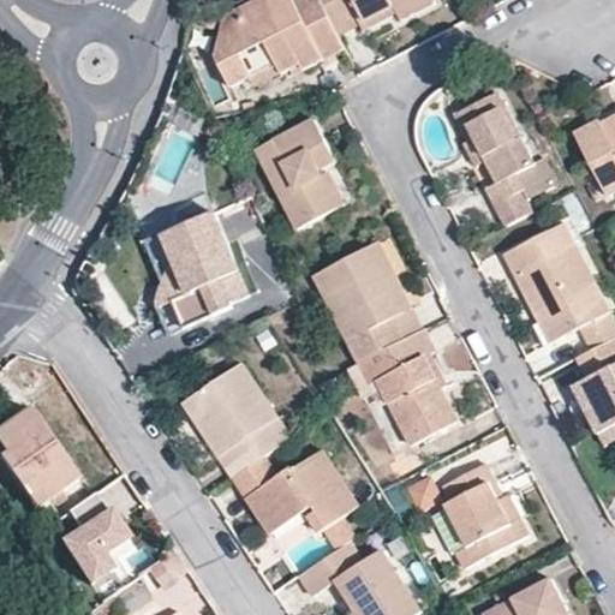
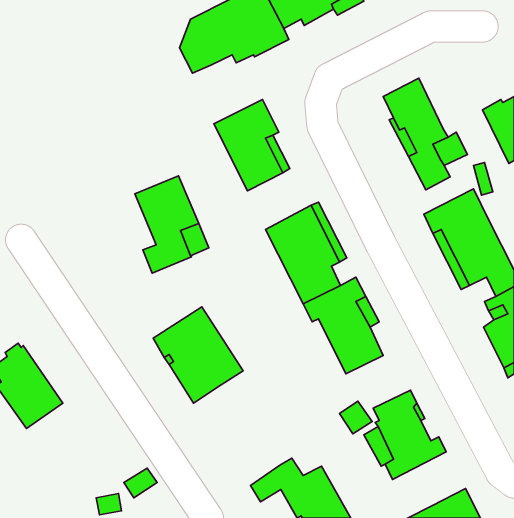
building: [229,450,356,550] -> none
building: [60,491,127,584] -> none

